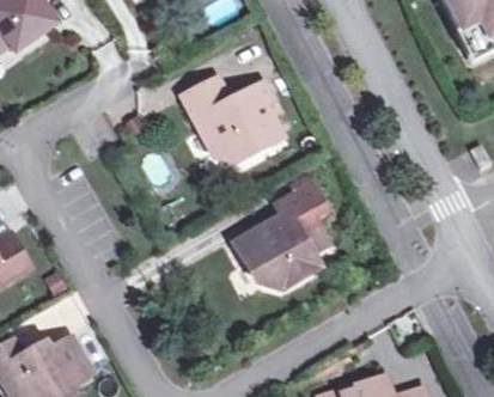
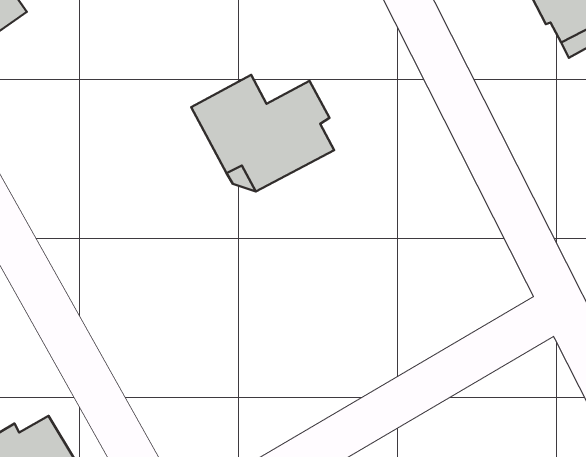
building: [233,181,328,288] -> none

